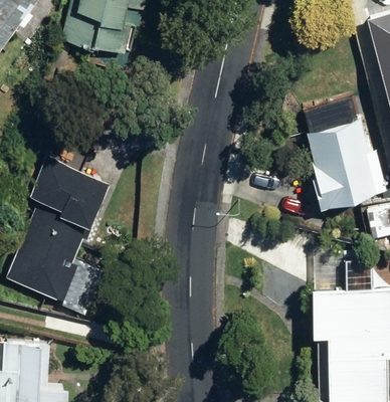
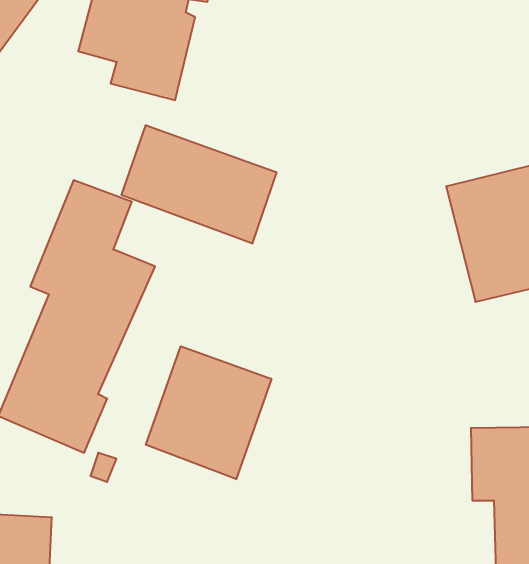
building: none -> [121,125,276,244]
building: none -> [146,346,271,479]

